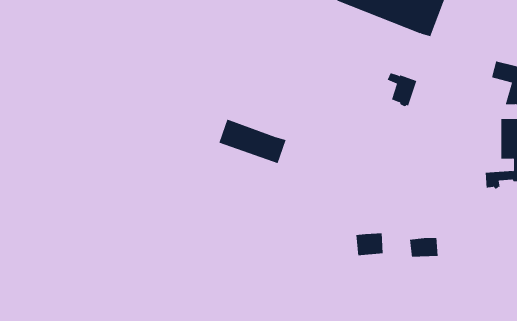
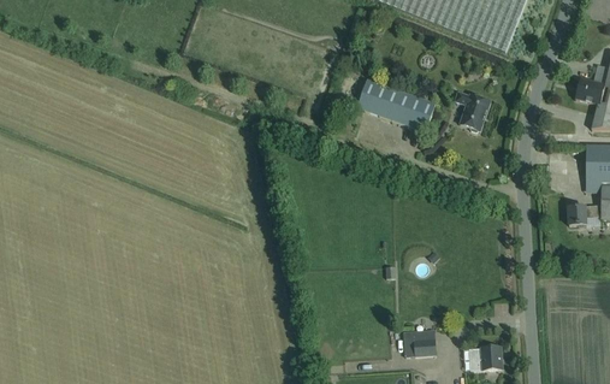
building: [219,119,286,164] -> [357,78,436,130]
building: [355,233,384,256] -> [403,329,436,355]
building: [409,237,438,257] -> [468,345,502,368]

